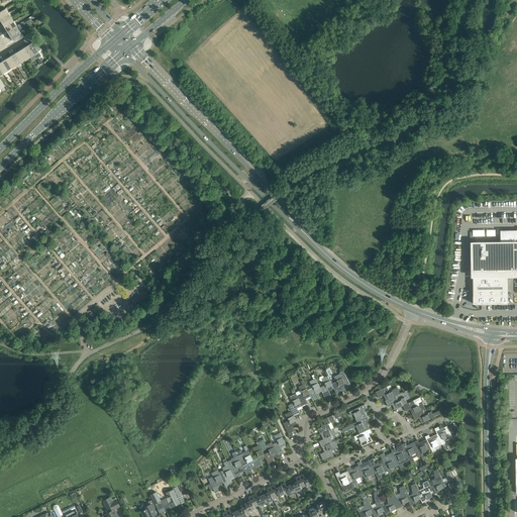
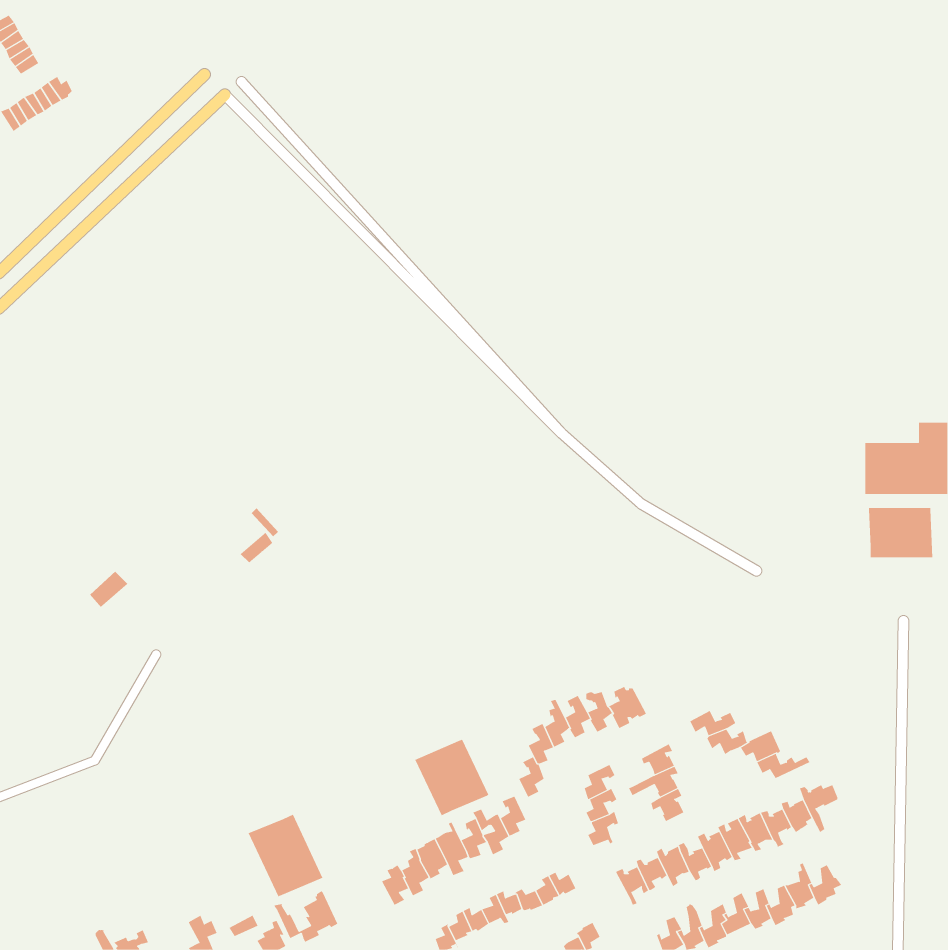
building: none -> [414,739,489,816]
building: none -> [248,814,323,897]

